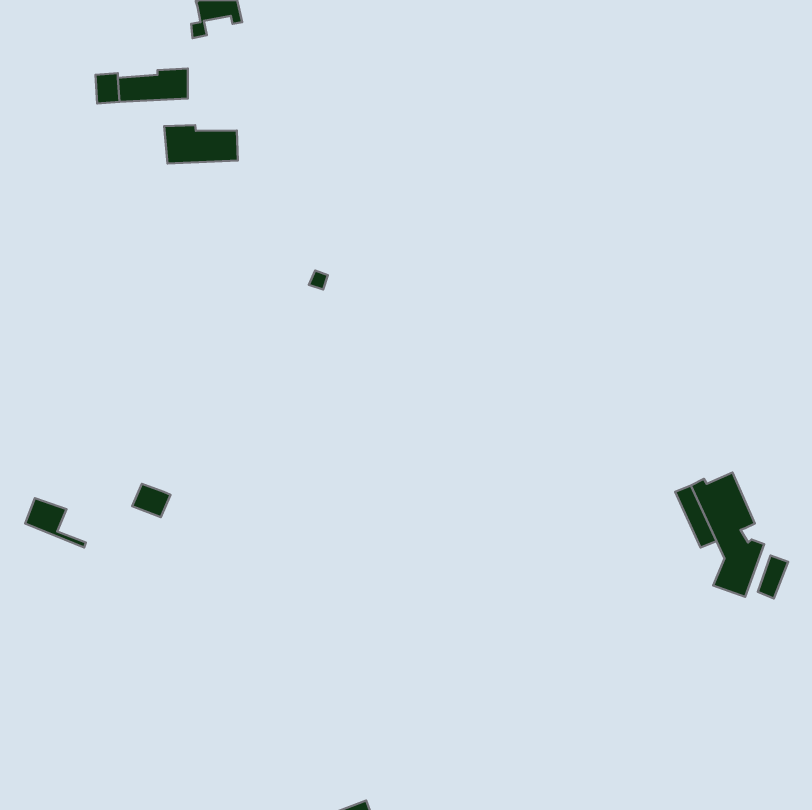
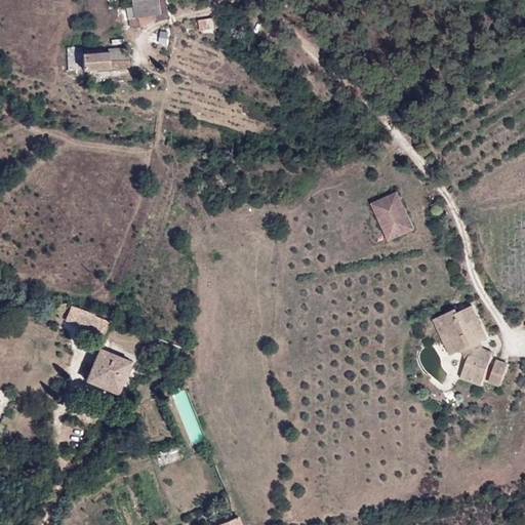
building: [164,125,238,164] -> none
building: none -> [371,190,416,242]
building: [25,498,86,547] -> [65,307,104,338]
building: none -> [86,351,130,395]

